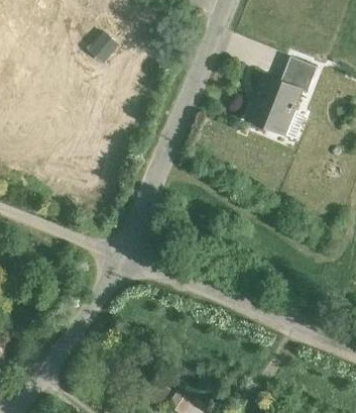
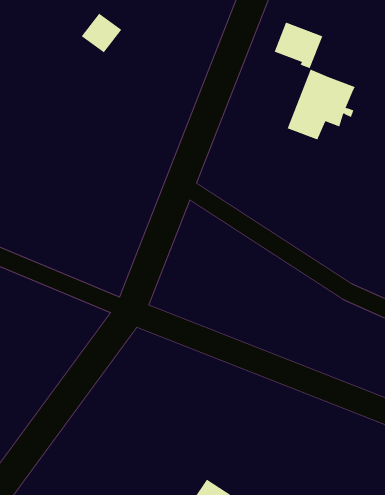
building: [283,53,322,89] -> [274,22,323,69]

